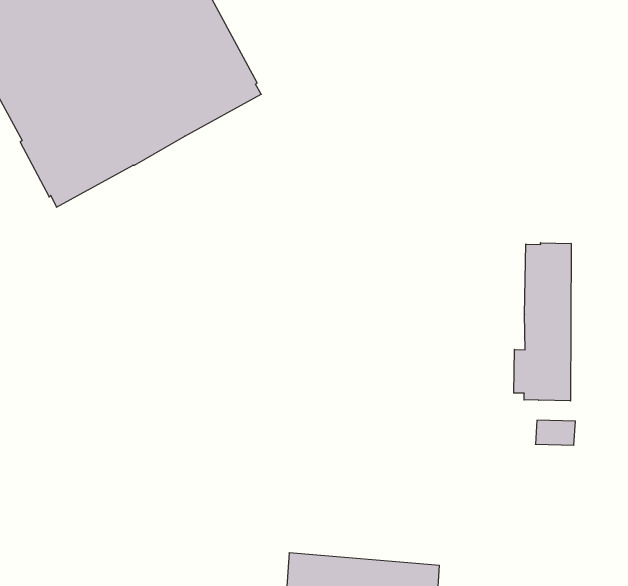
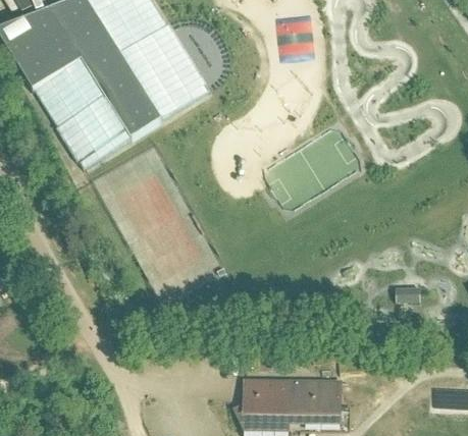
building: [514,243,571,401] -> none

